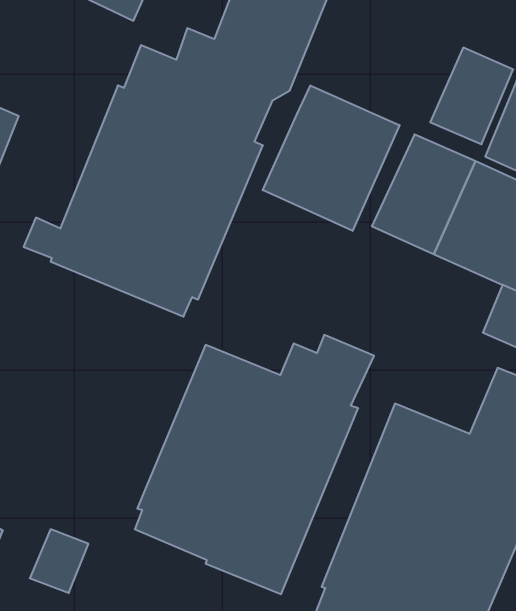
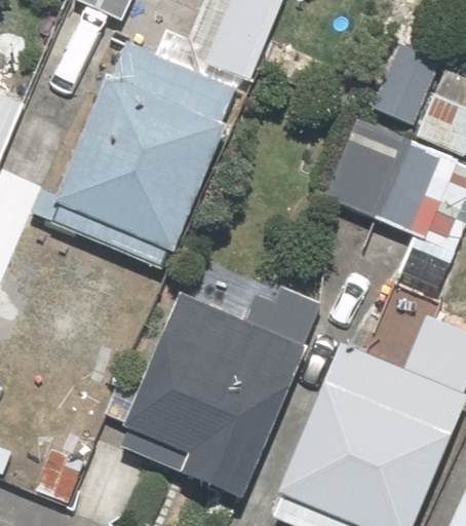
building: [263,85,400,231] -> none

